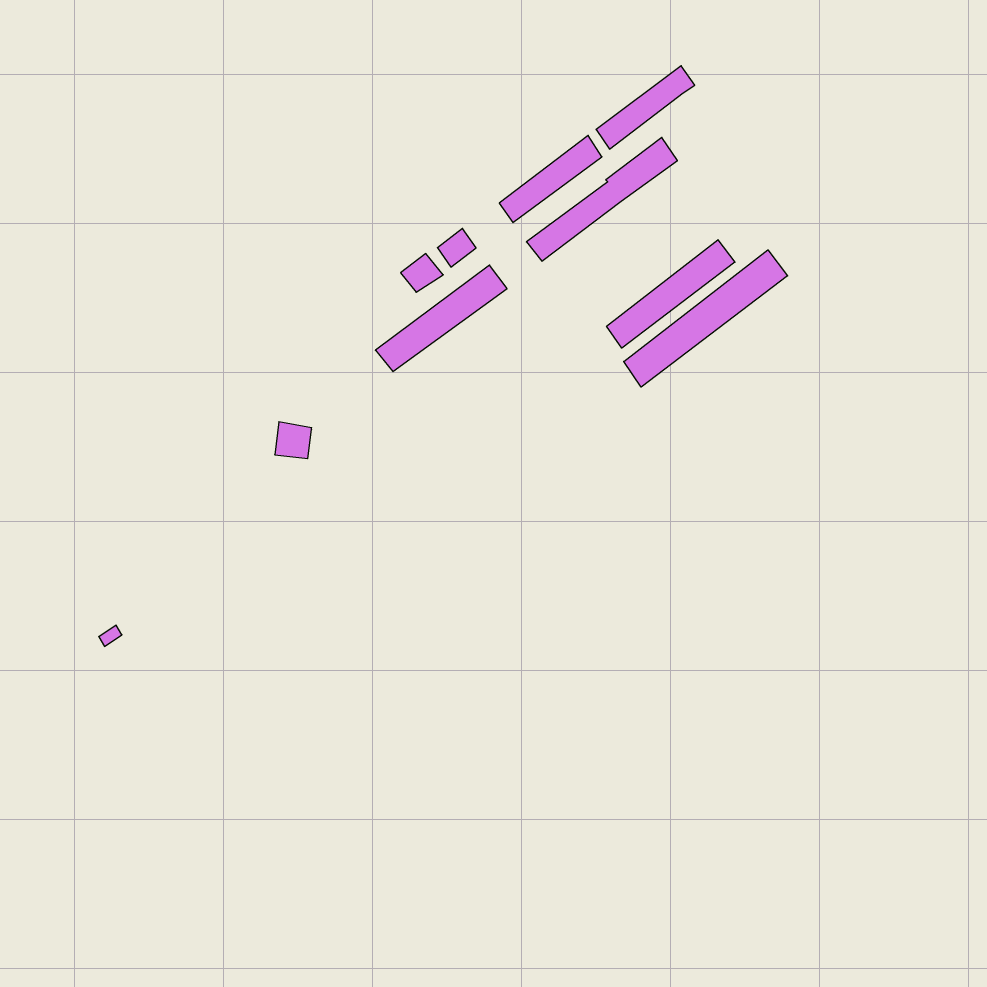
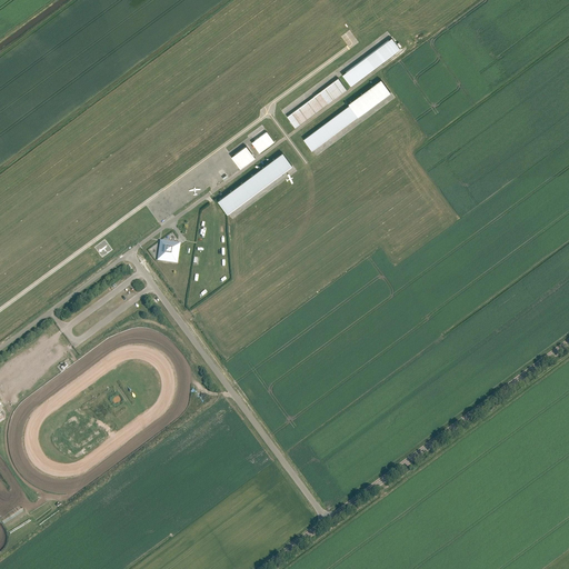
building: [607,240,735,348] -> none
building: [624,250,788,387] -> none

